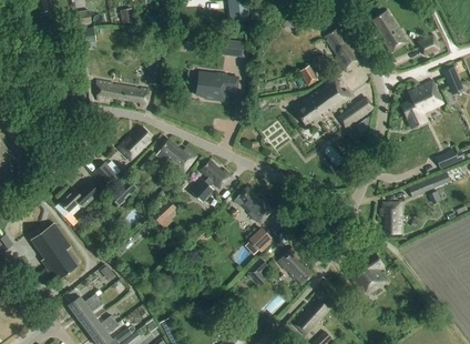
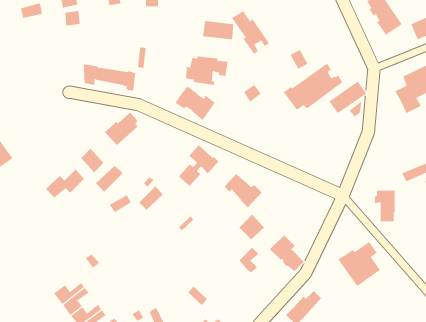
building: [324,29,361,72] -> [231,10,270,55]
building: [155,138,195,172] -> [175,86,216,121]
building: [31,223,79,281] -> none

